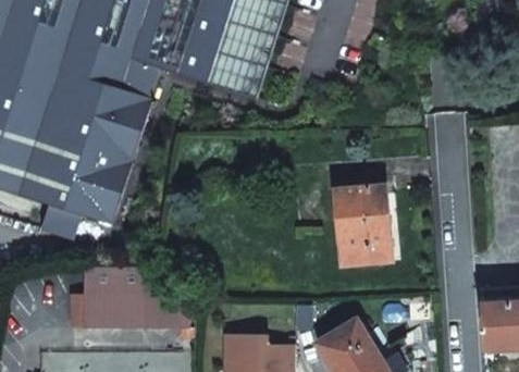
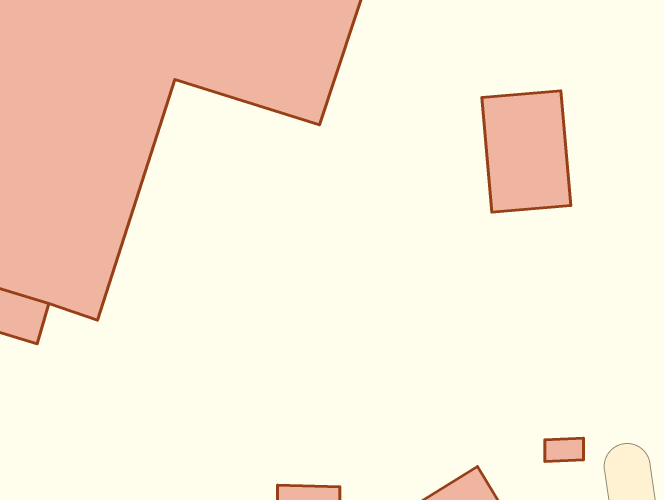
building: [334,186,392,264] -> [482,91,571,212]
building: [72,268,187,327] -> none

